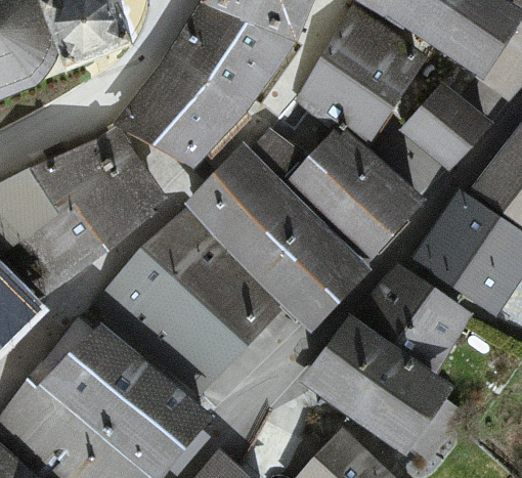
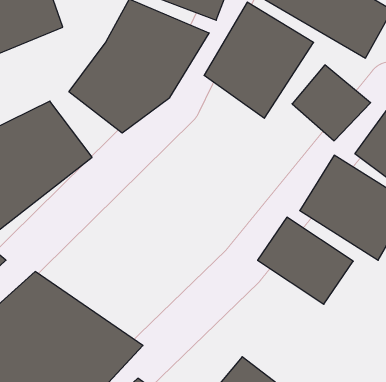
building: [293,131,428,256] -> none
building: [198,154,374,332] -> none
building: [86,217,276,390] -> none
building: [310,317,460,448] -> none

